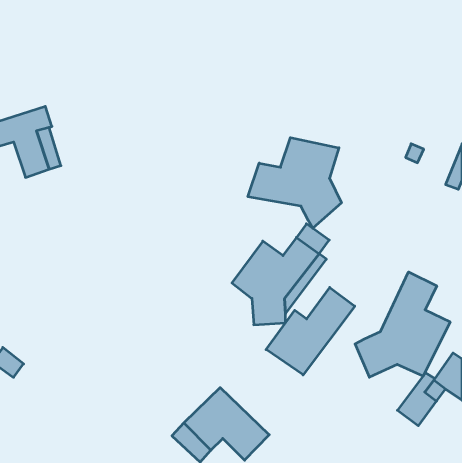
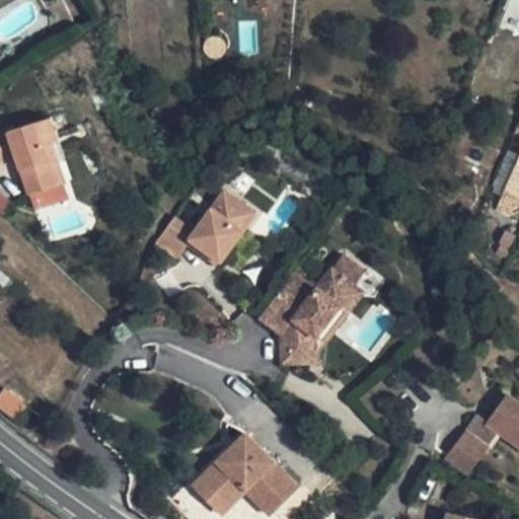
building: [248,138,341,228] -> none
building: none -> [154,192,251,264]
building: [355,272,450,377] -> none
building: [266,287,355,375] -> none

